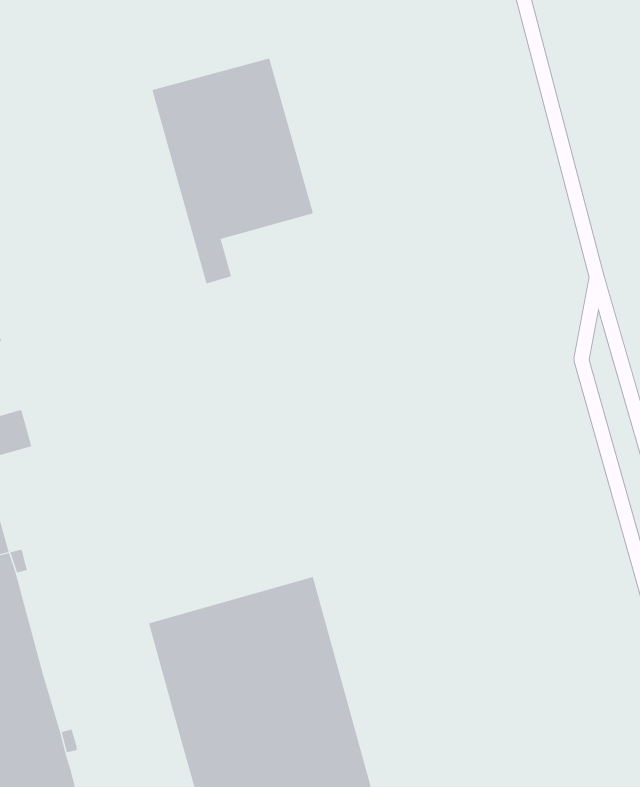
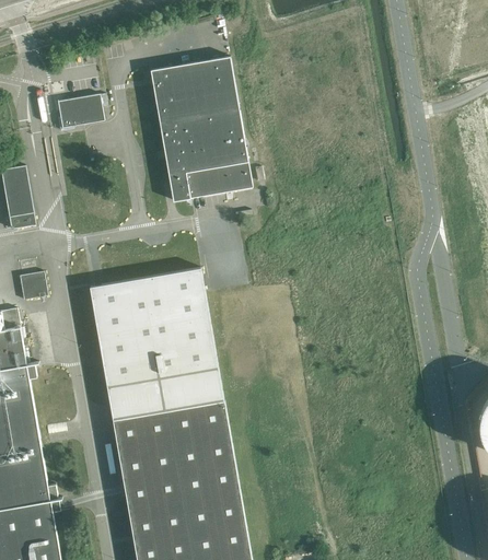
building: none -> [58,93,104,130]
building: none -> [186,161,253,197]
building: none -> [90,267,223,419]

